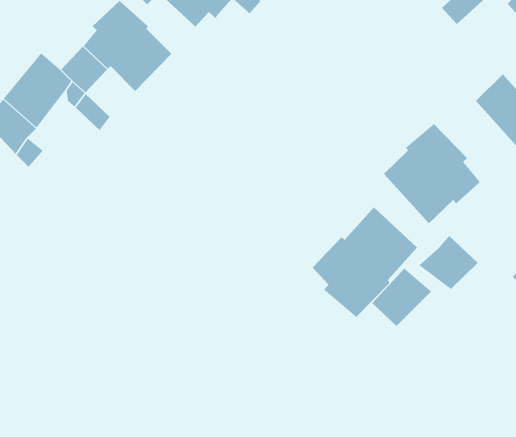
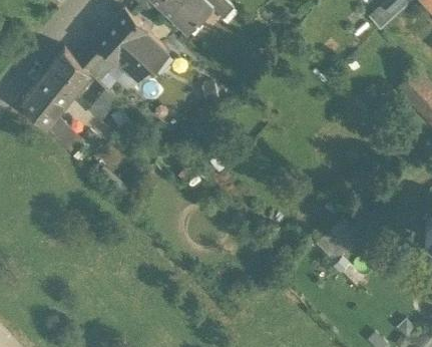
building: [383,123,481,224] -> none
building: [312,207,418,318] -> none
building: [418,235,479,290] -> none

